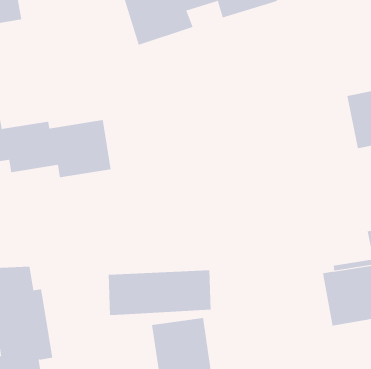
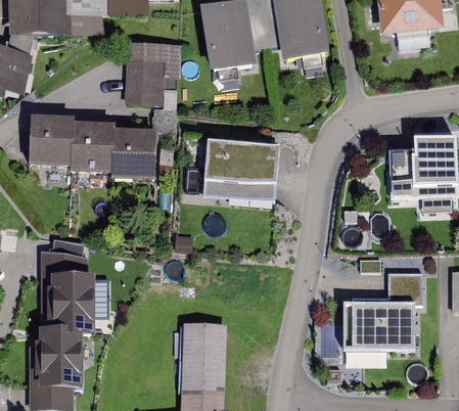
building: none -> [130,47,179,103]
building: none -> [200,139,278,199]
building: [108,269,211,316] -> none

